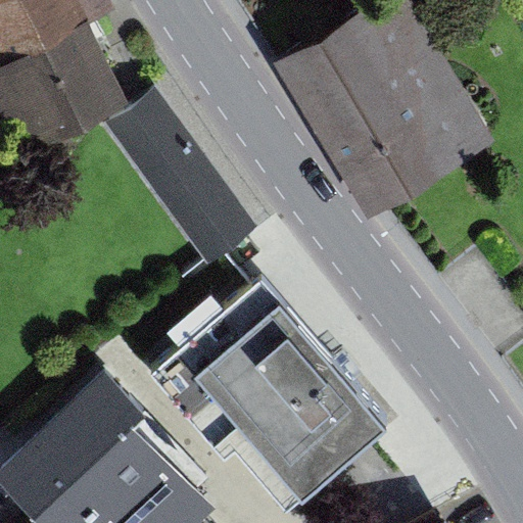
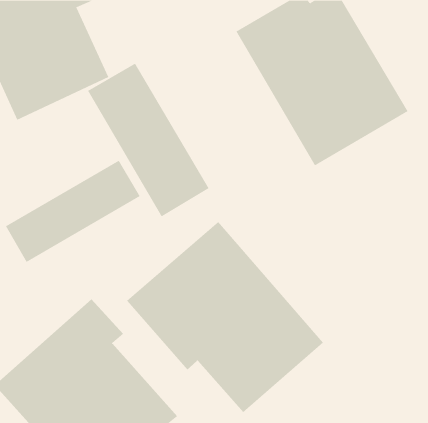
building: none -> [5,160,140,263]

